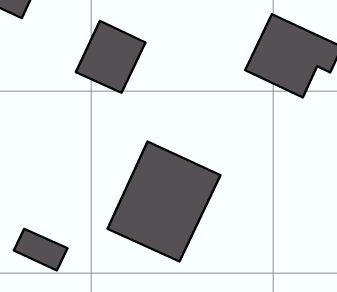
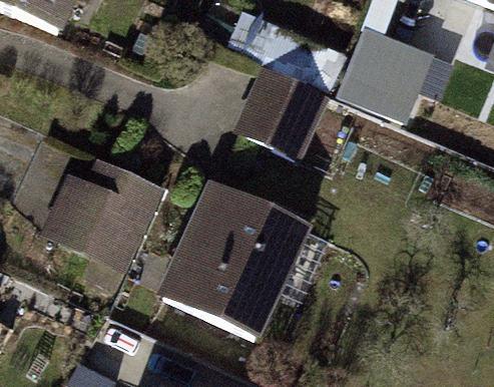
building: [76,21,146,93] -> [235,67,323,157]
building: none -> [57,161,158,247]

